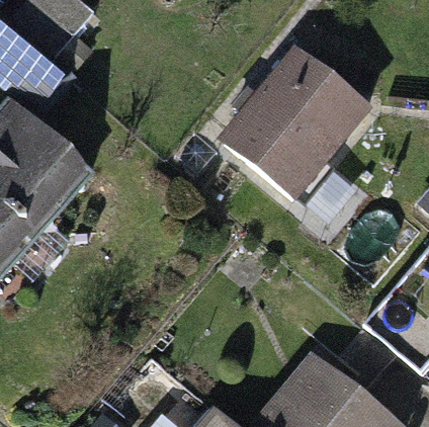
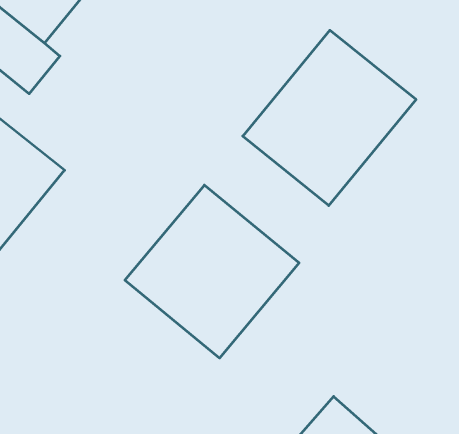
building: none -> [125,185,299,358]

